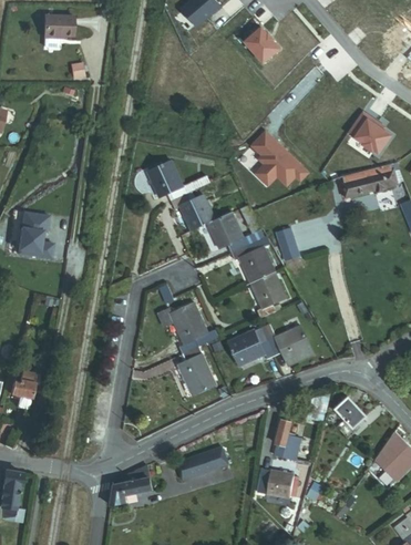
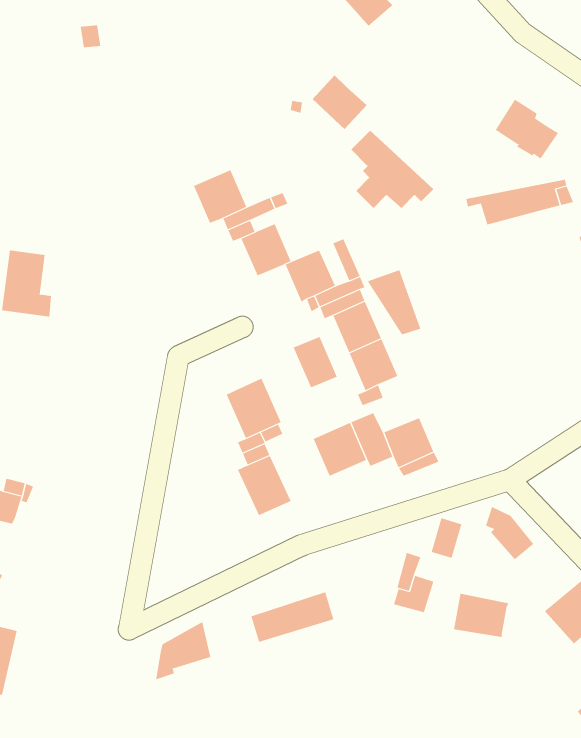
building: none -> [312,74,367,130]
building: none -> [293,336,338,388]
building: [264,466,301,496] -> [453,593,509,638]

